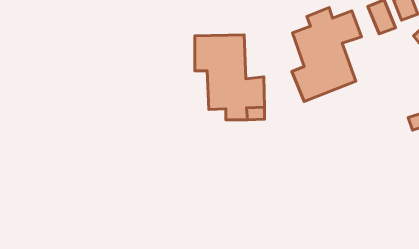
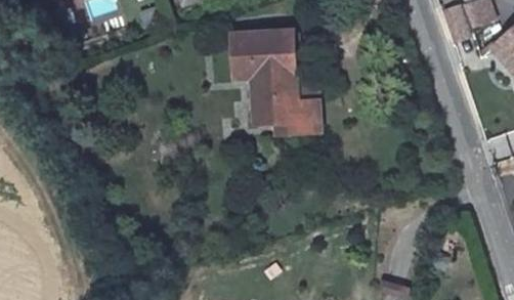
building: [292,7,362,102] -> none

